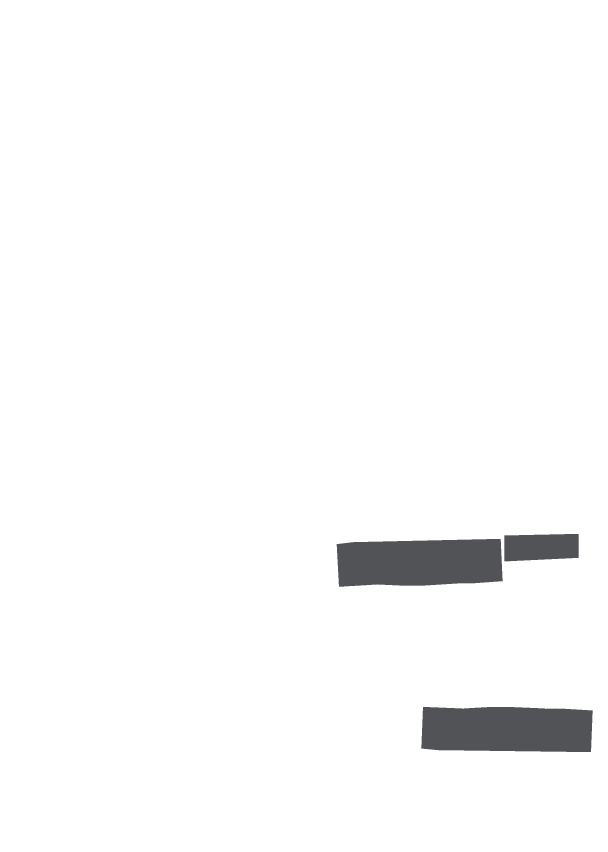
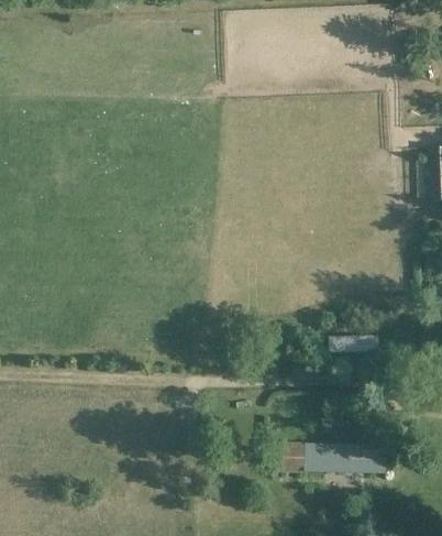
building: [336,538,503,587] -> none

